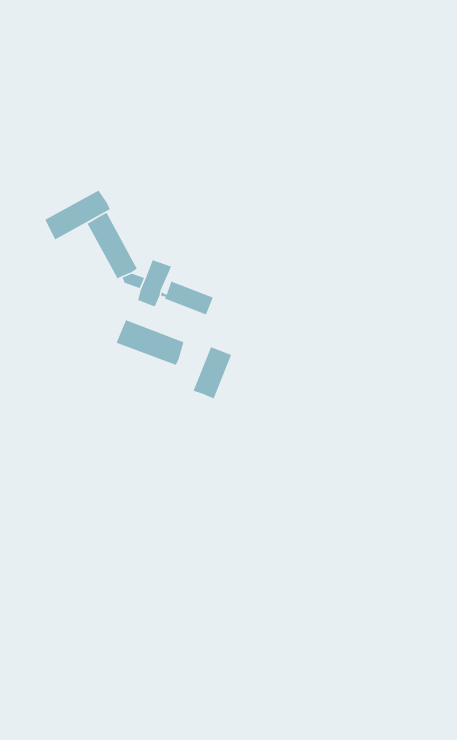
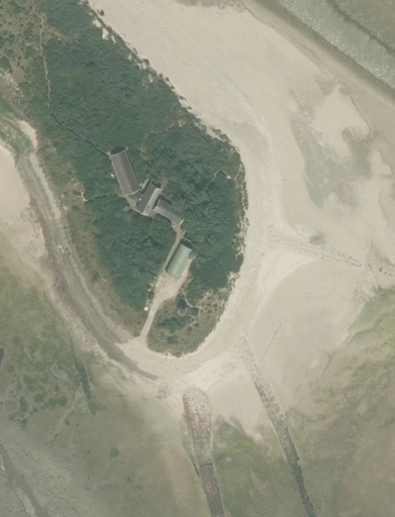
building: [44,189,111,241] -> none
building: [115,319,185,366] -> none

